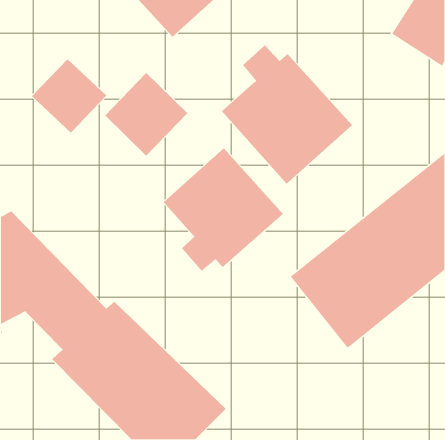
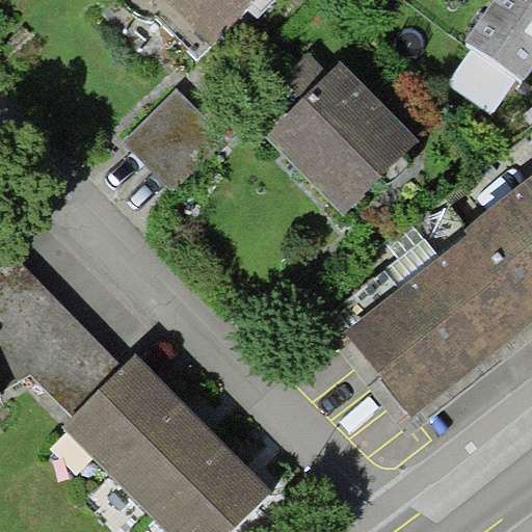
building: [31,59,107,133] -> none
building: [163,147,284,272] -> none

